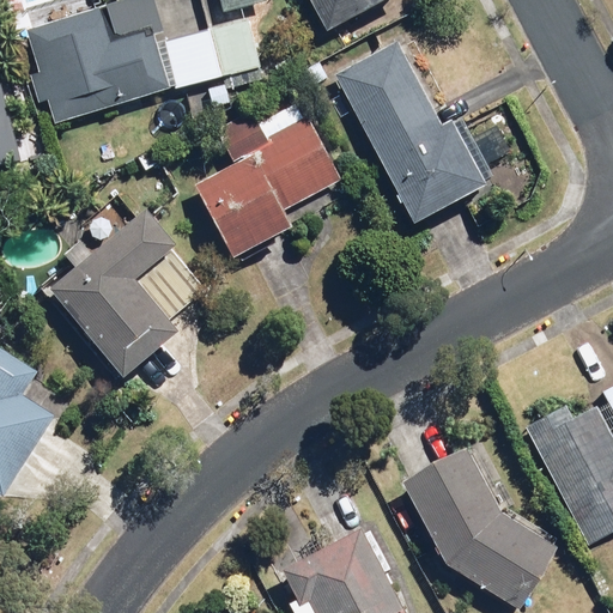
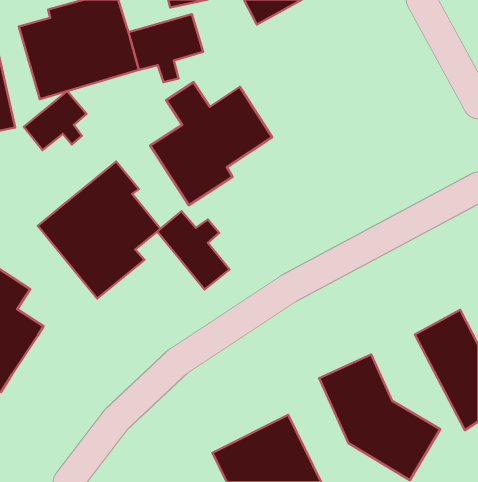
building: [327,34,488,226] -> none
building: none -> [24,91,86,150]
building: none -> [157,211,230,289]

